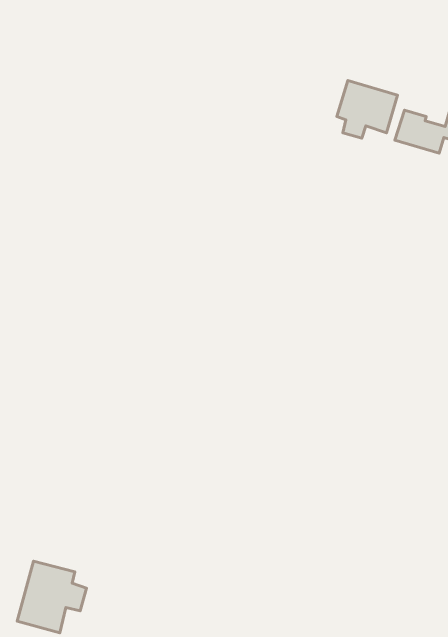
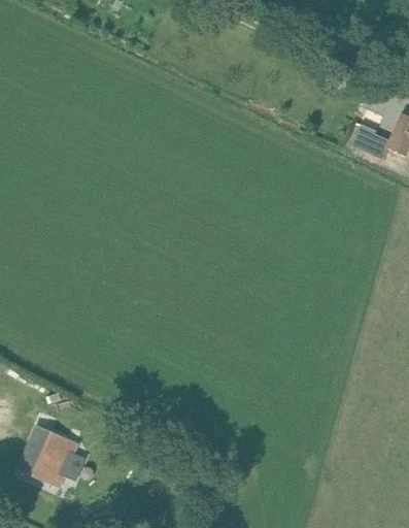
building: [337,80,398,138] -> none

